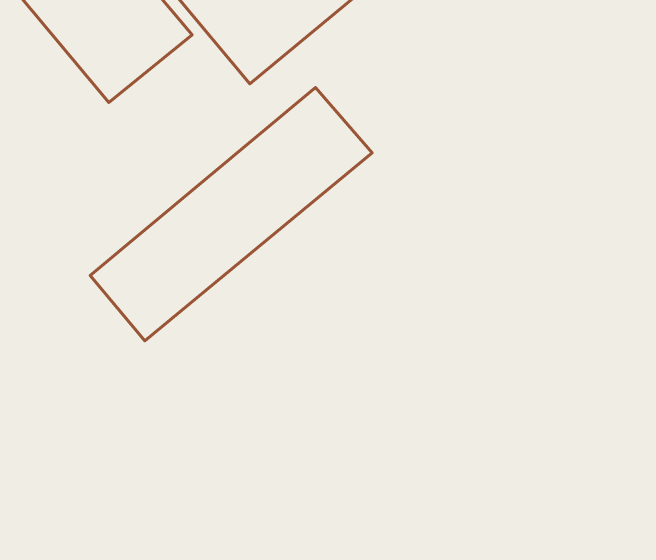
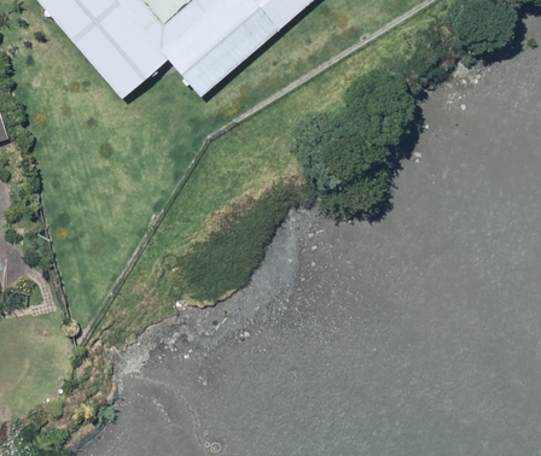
building: [90,87,372,341] -> none

